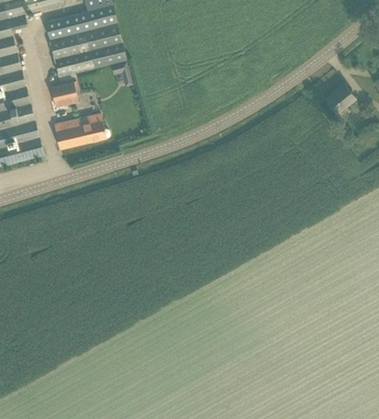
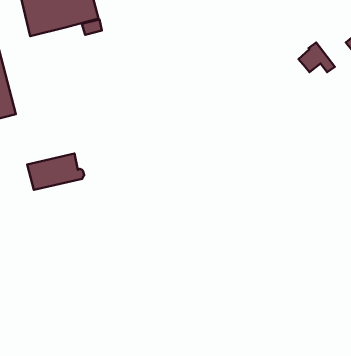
building: [50,81,77,107] -> none
building: [53,113,110,149] -> [27,153,84,190]

